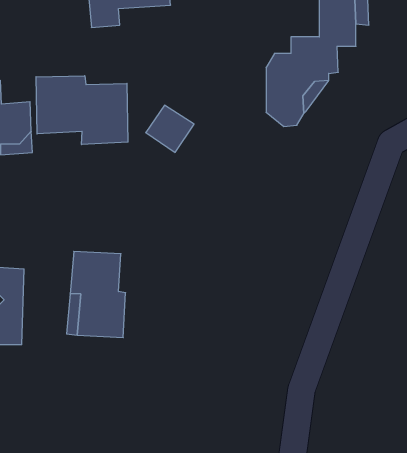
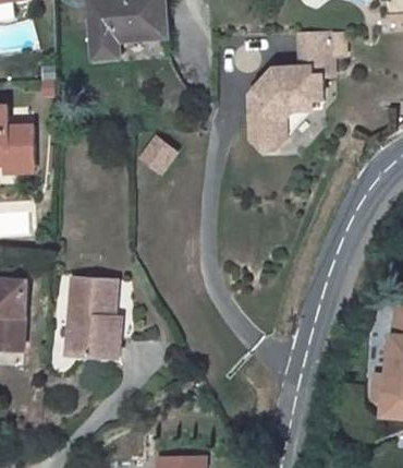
building: [36,76,128,145] -> none

